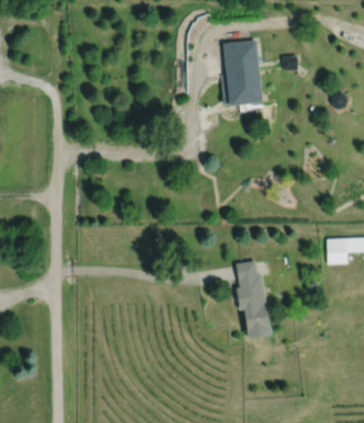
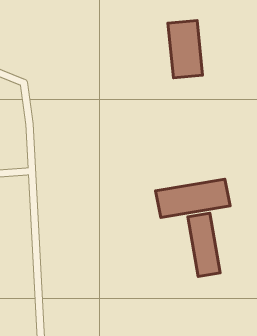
building: none -> [156,179,230,218]

